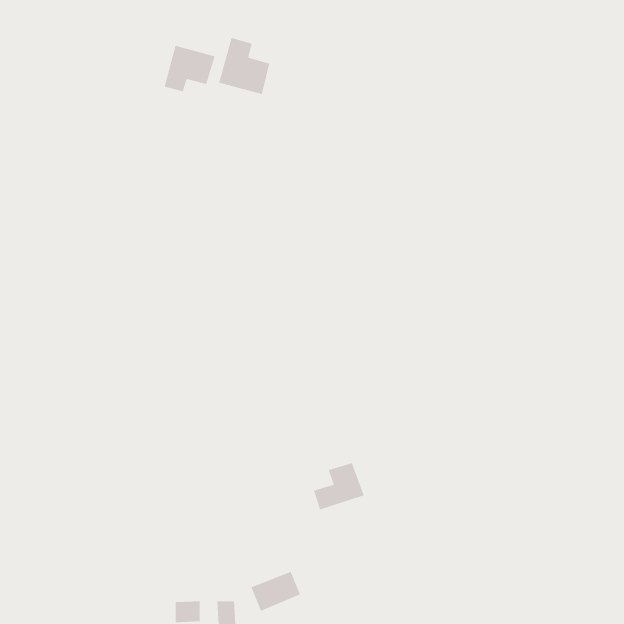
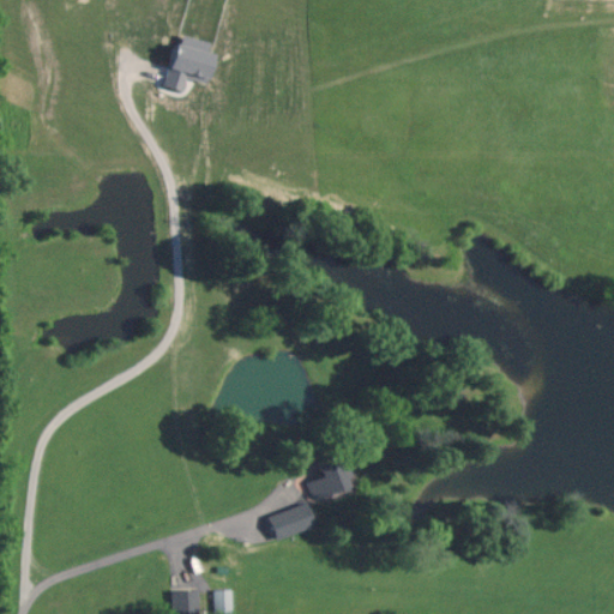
building: [218,37,270,95] -> none
building: [251,571,301,612] -> [270,501,319,541]

